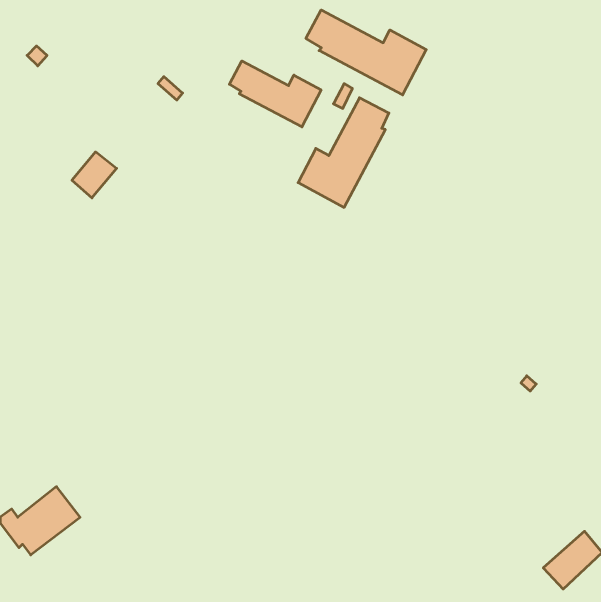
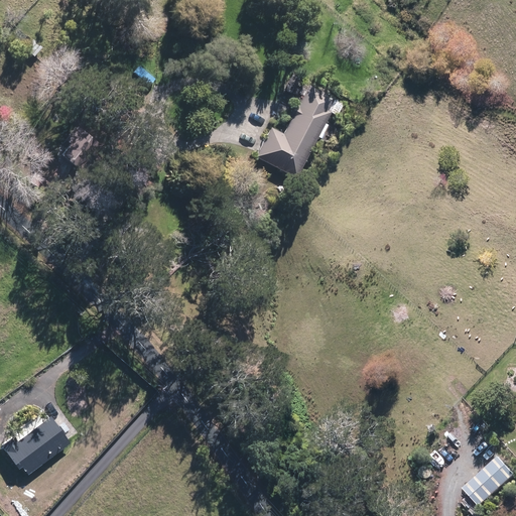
building: [306,10,426,95] -> none
building: [229,61,321,127] -> none

